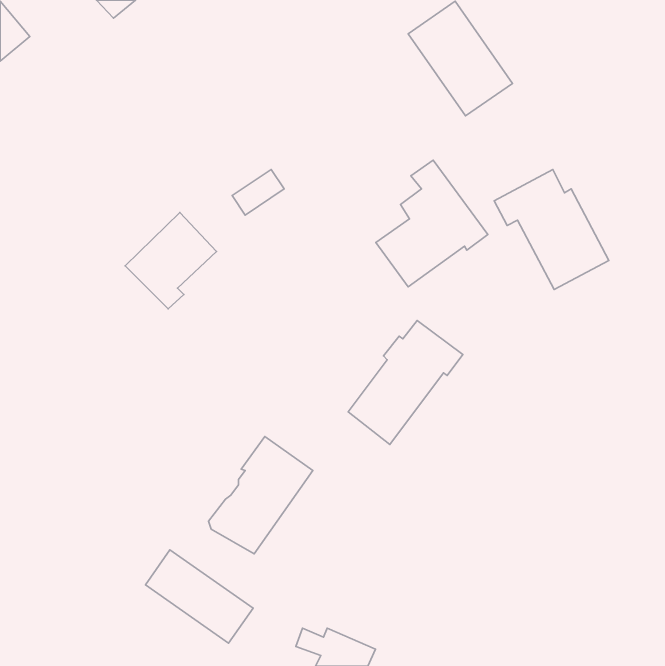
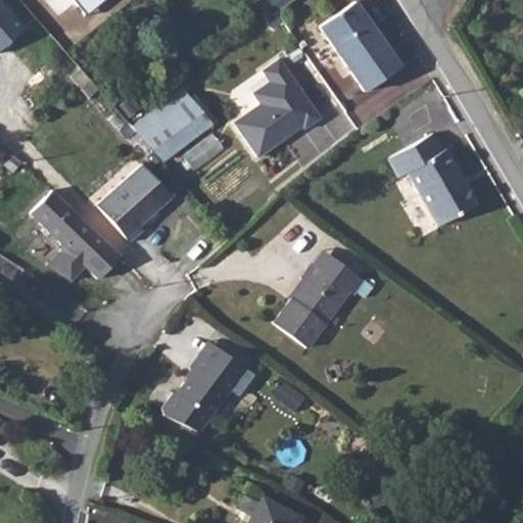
building: none -> [136,88,213,163]
building: [376,160,488,287] -> [237,58,325,157]
building: none -> [27,189,118,280]
building: [145,550,253,643] -> none

